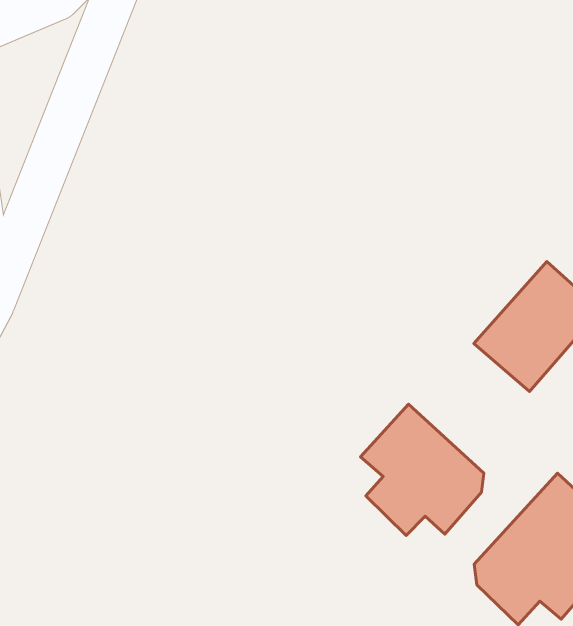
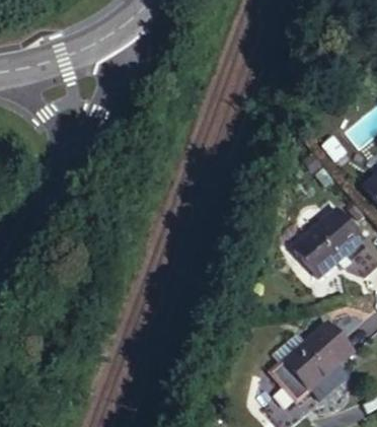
building: [360,404,484,536] -> none

